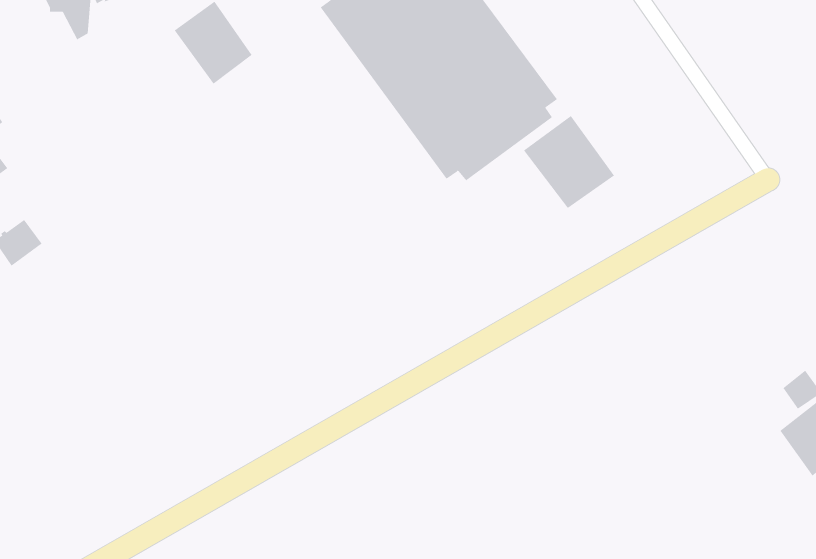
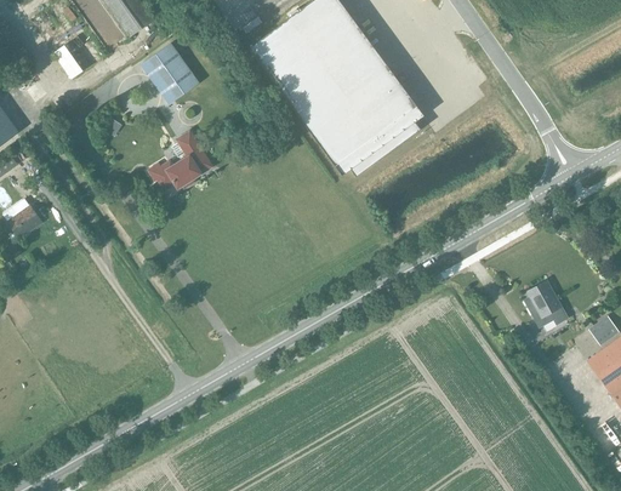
building: [523,115,615,209] -> none
building: none -> [154,133,210,188]
building: none -> [524,280,560,326]

